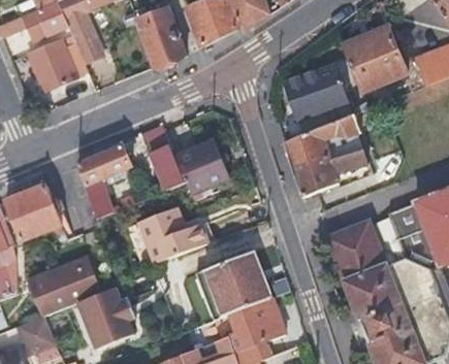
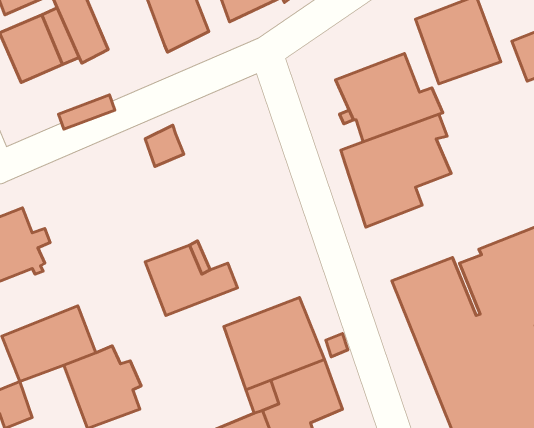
building: [147,143,183,192] -> none
building: [179,143,225,194] -> none
building: [79,144,131,218] -> none

